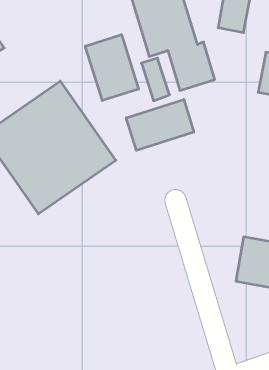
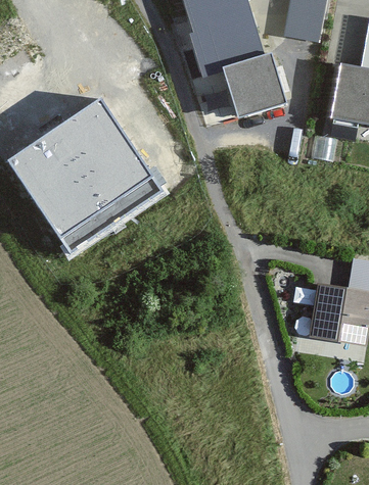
building: [85,35,139,101] -> none
building: [126,99,194,150] -> none

